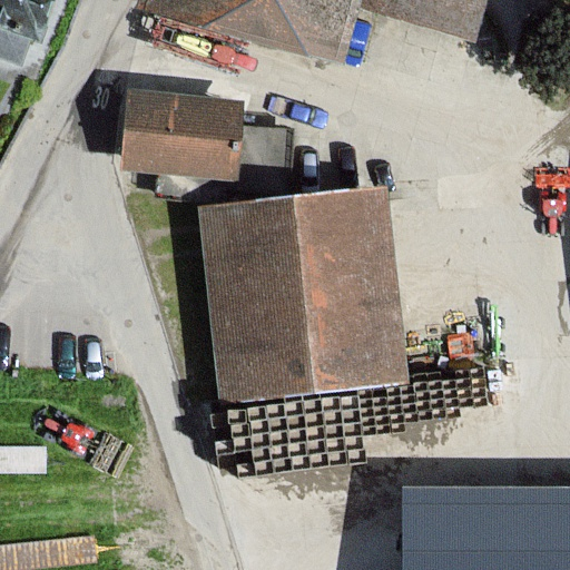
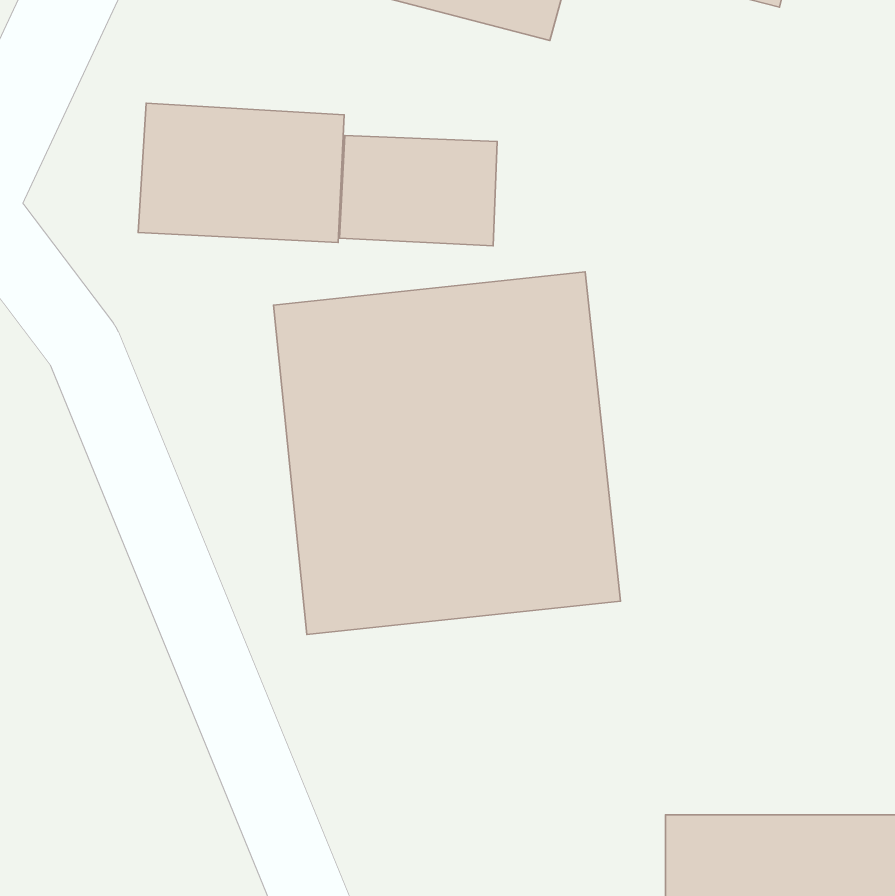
building: none -> [339,136,497,246]

